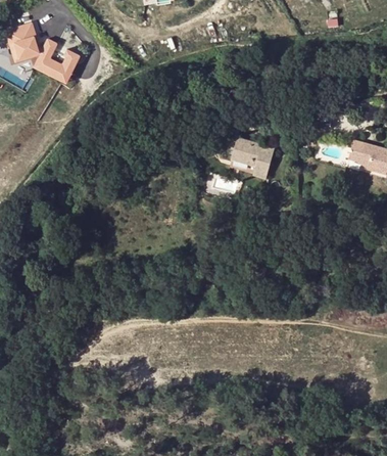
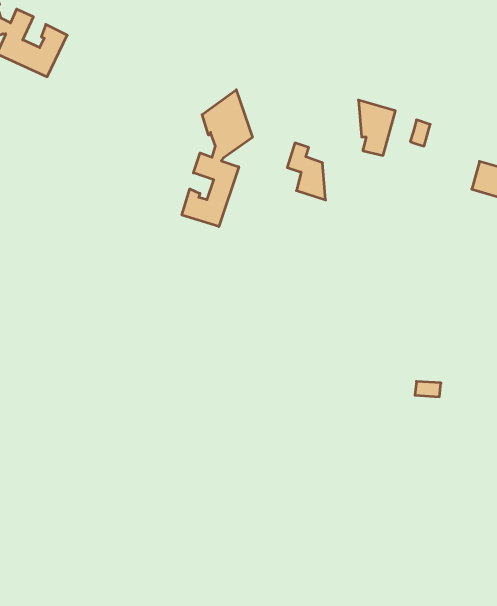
building: none -> [182,90,252,227]
building: [249,141,274,178] -> [358,100,395,155]

